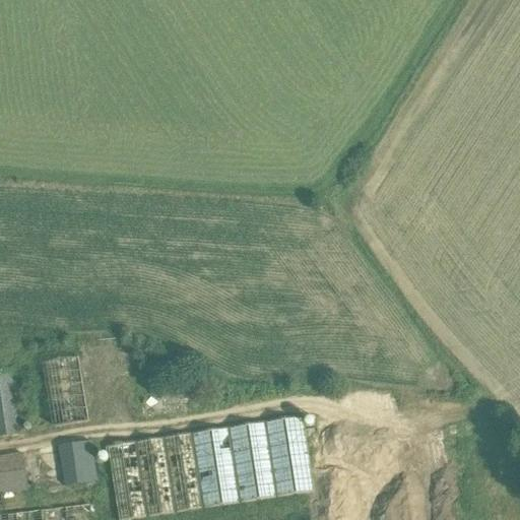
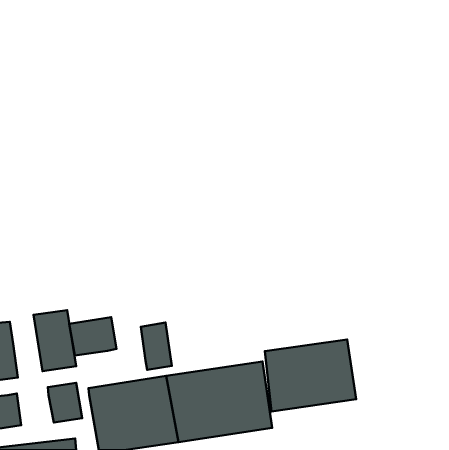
building: none -> [69,317,117,355]
building: none -> [141,322,172,370]
building: none -> [265,339,356,412]

